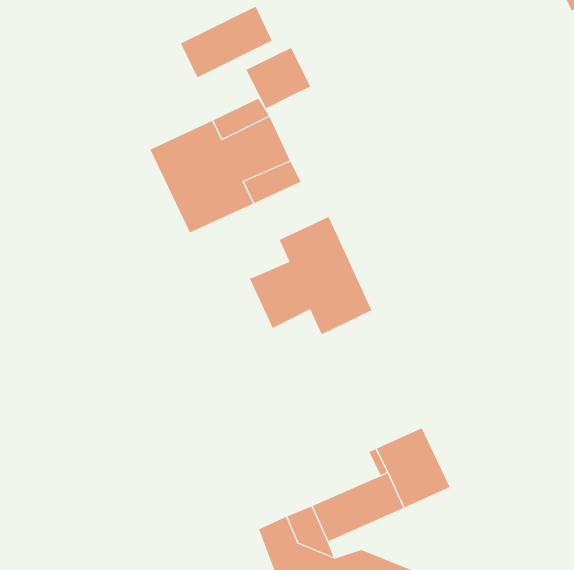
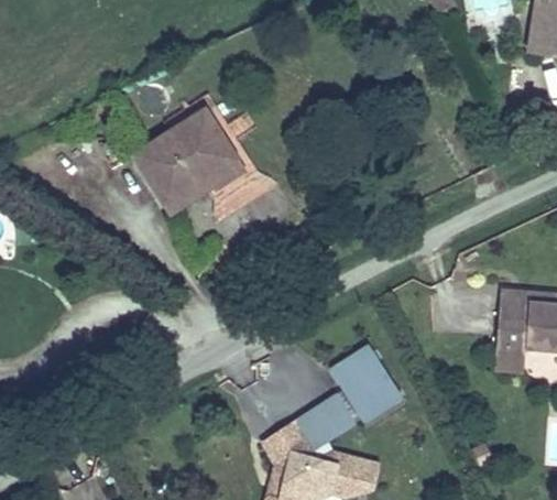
building: [180,6,273,78] -> none
building: [246,47,311,109] -> none
building: [249,216,372,335] -> none

